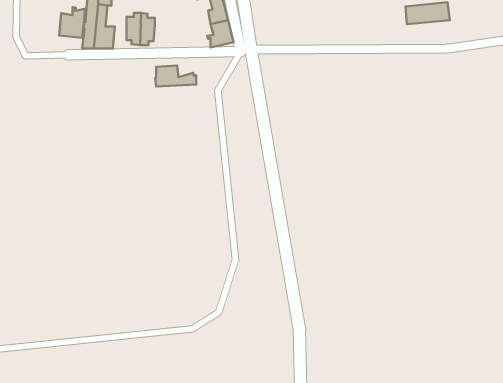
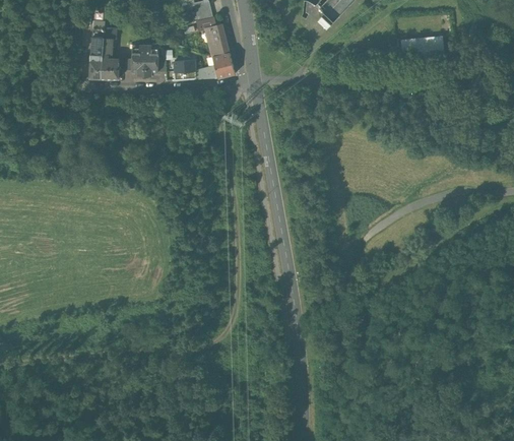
building: [59,7,85,38] -> none
building: [155,66,196,87] -> [172,61,211,81]

